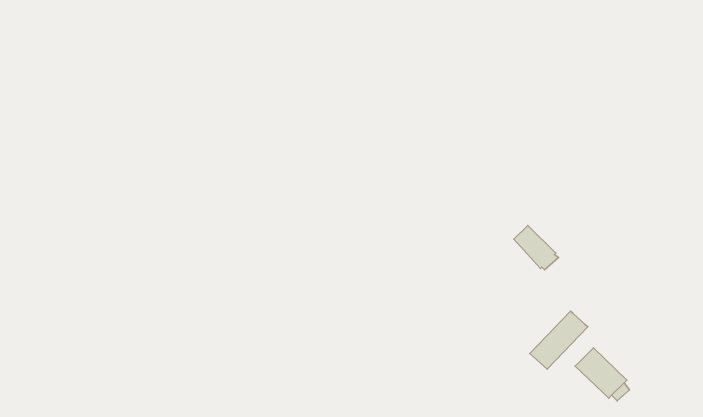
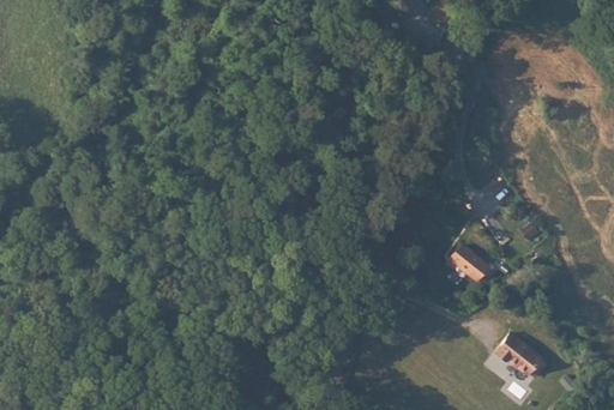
building: [530,311,588,369] -> none

